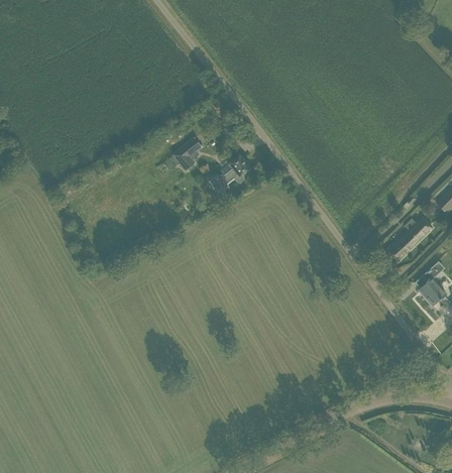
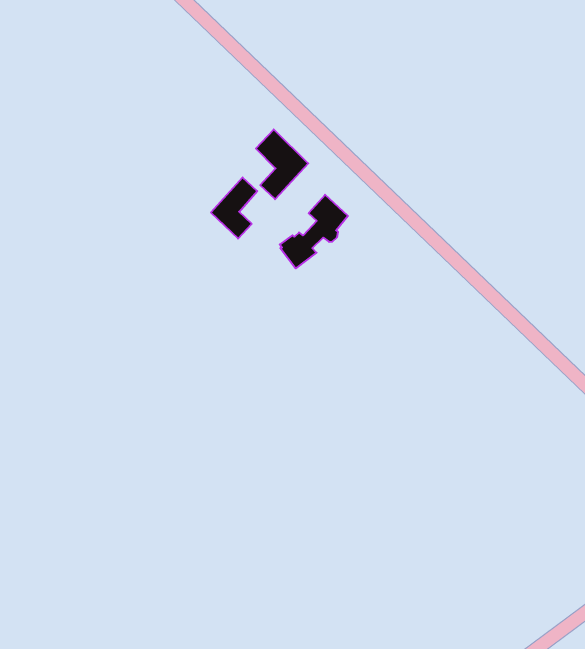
building: none -> [256,129,308,199]

